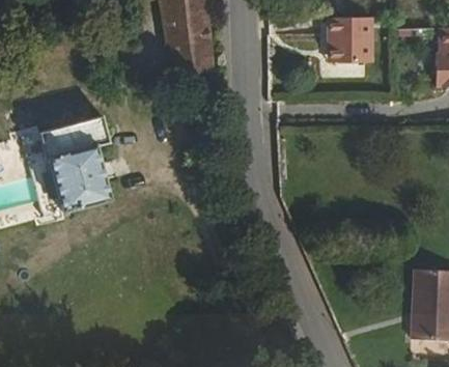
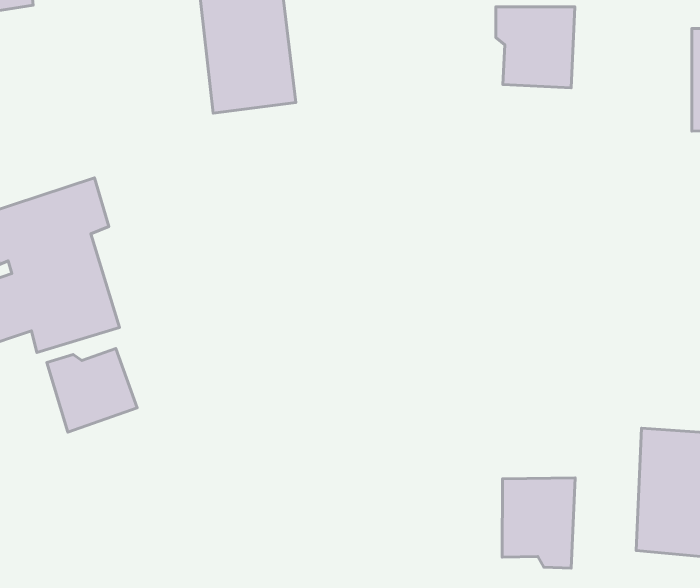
building: none -> [47,348,137,432]
building: none -> [502,478,575,568]

